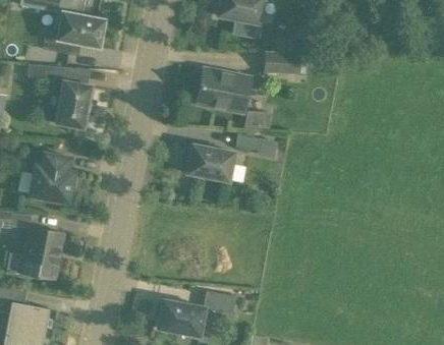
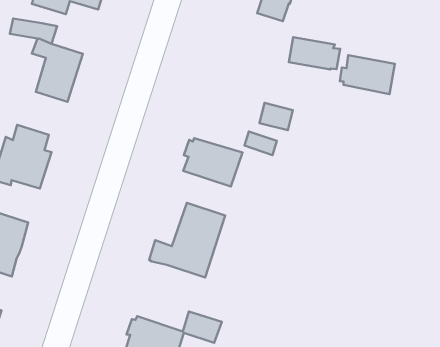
building: none -> [340,55,395,94]
building: [198,68,251,112] -> none
building: none -> [149,203,225,278]

